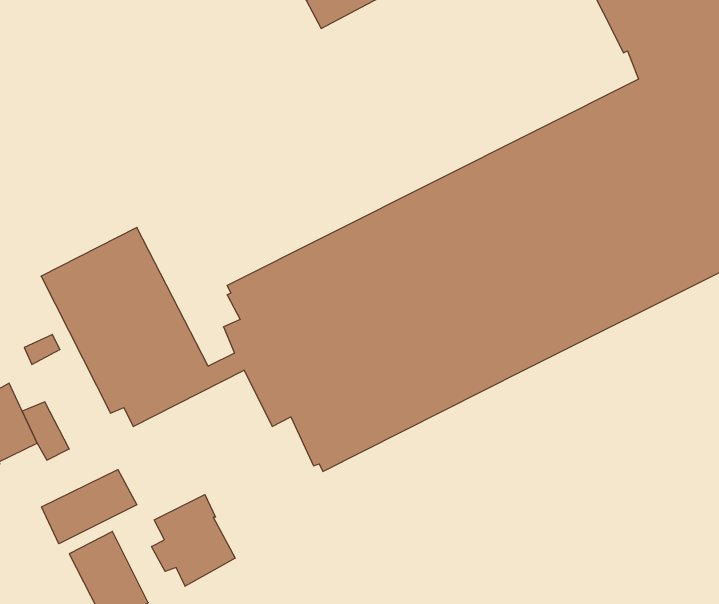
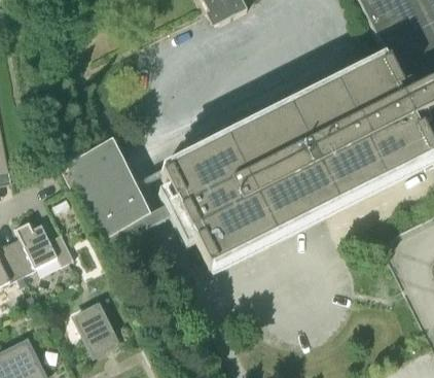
building: [41,470,137,544] -> none
building: [152,495,235,586] -> none

